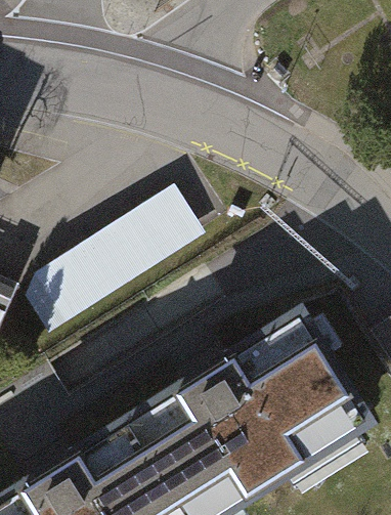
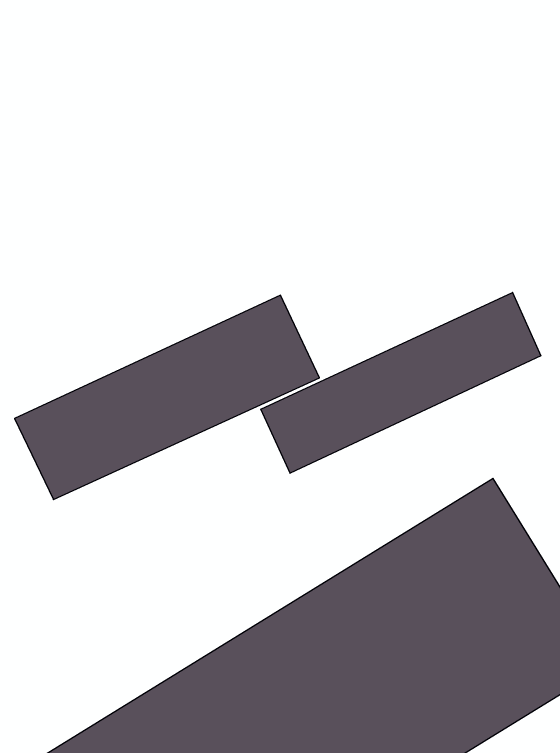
building: none -> [261,292,541,473]

